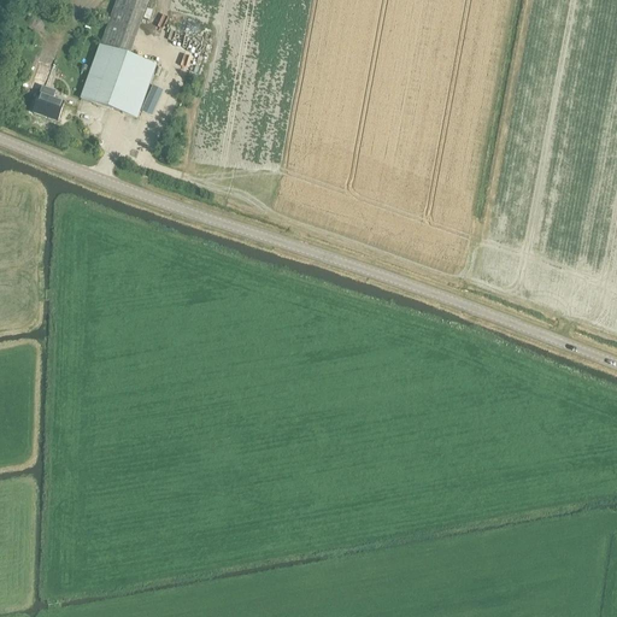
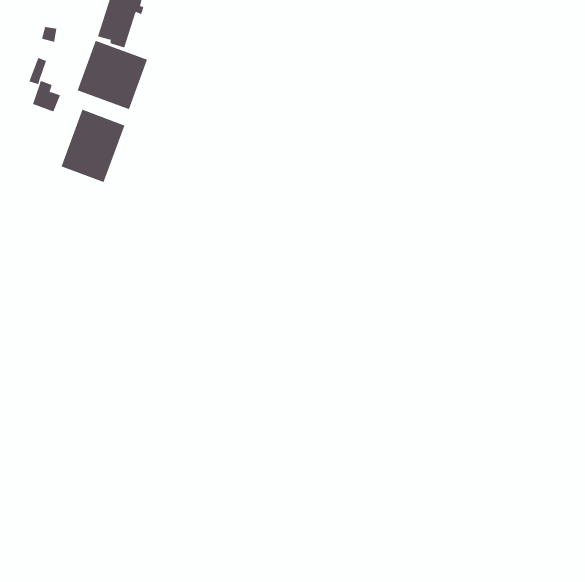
building: none -> [61,109,125,183]

